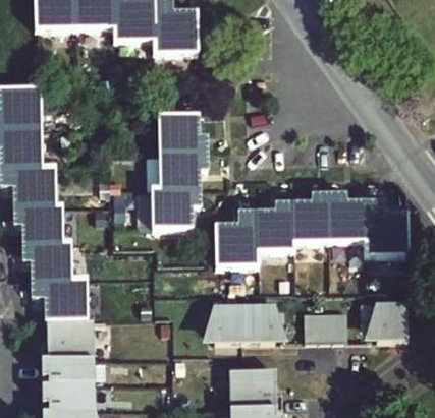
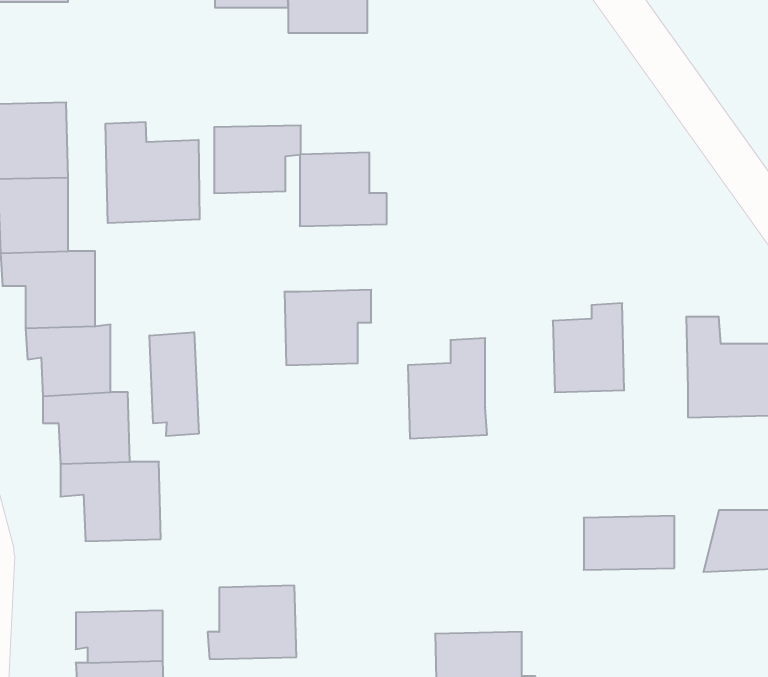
building: none -> [106,122,200,223]
building: [159,154,205,189] -> [214,125,301,193]
building: [329,195,364,241] -> none
building: [257,204,293,250] -> none
building: none -> [149,332,199,436]
building: [210,304,295,339] -> none
building: [40,319,87,358] -> [208,586,296,659]

